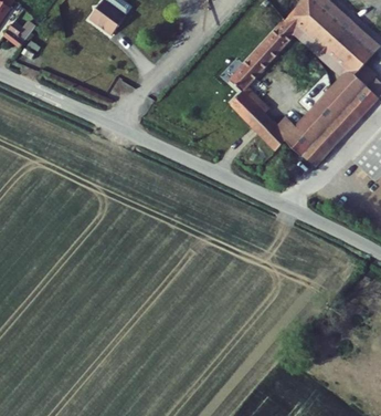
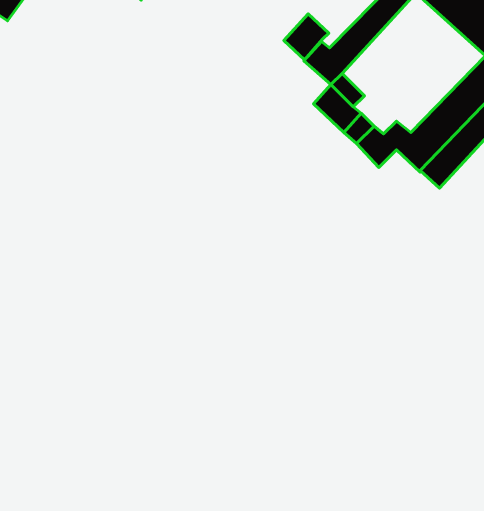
building: none -> [284,14,329,60]

